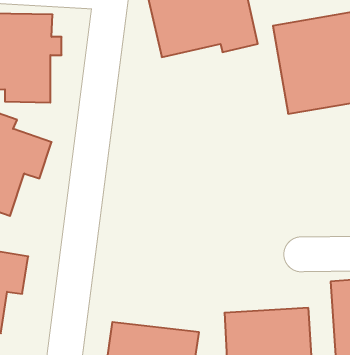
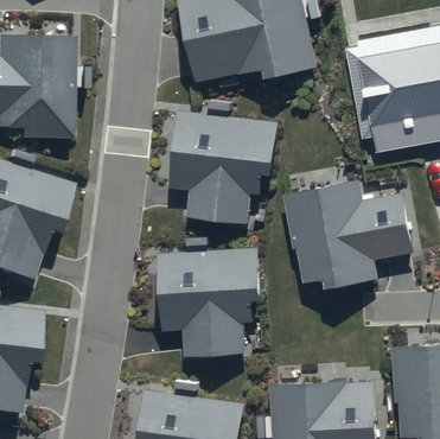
building: none -> [173,123,274,228]
building: none -> [288,178,412,291]
building: none -> [158,254,257,358]

